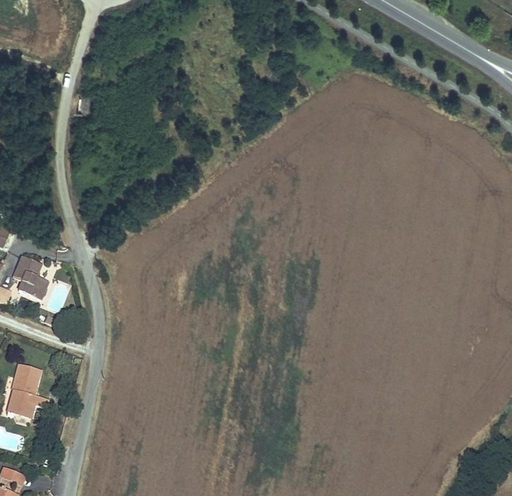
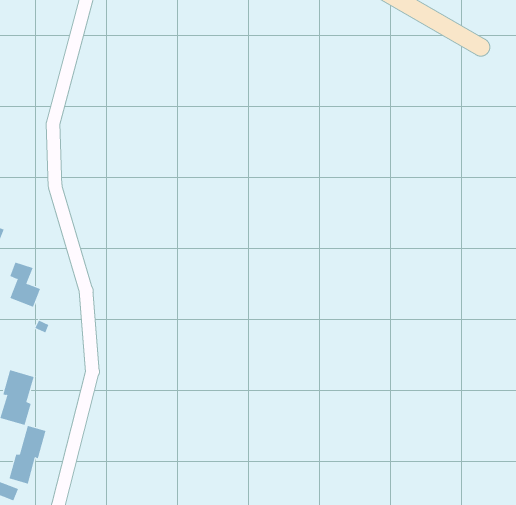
building: none -> [9,425,46,484]

